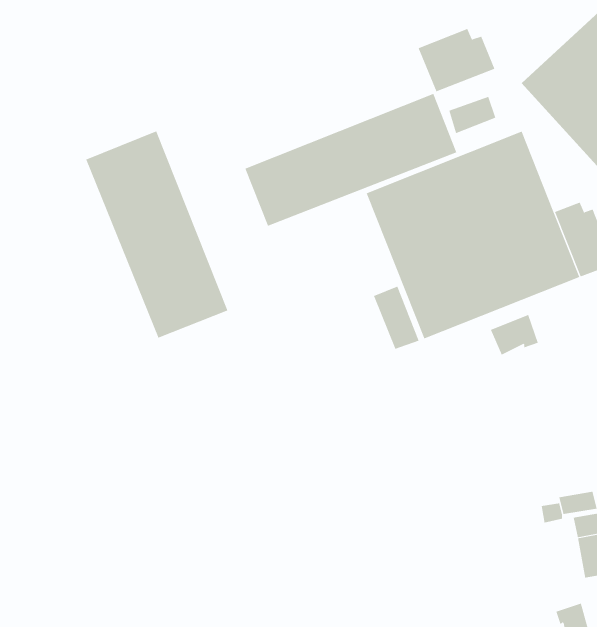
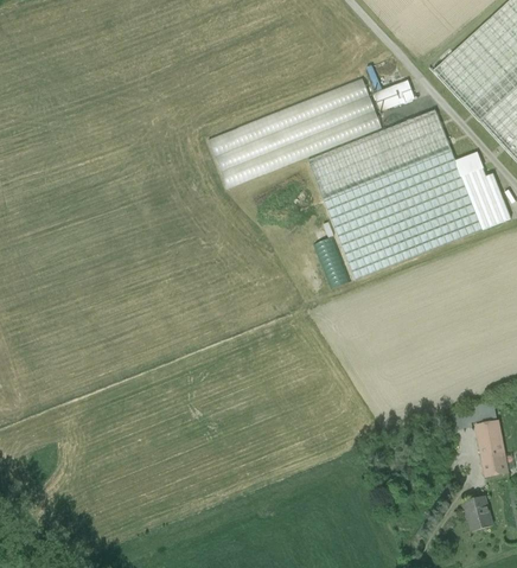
building: [418,28,495,92] -> none
building: [85,131,228,339] -> none
building: [490,314,539,355] -> none

